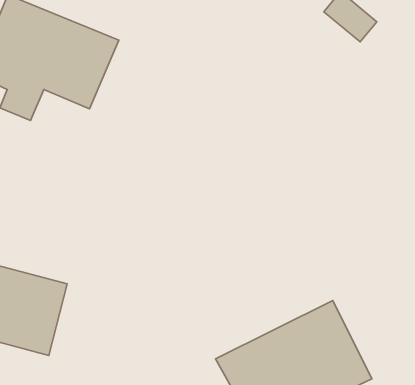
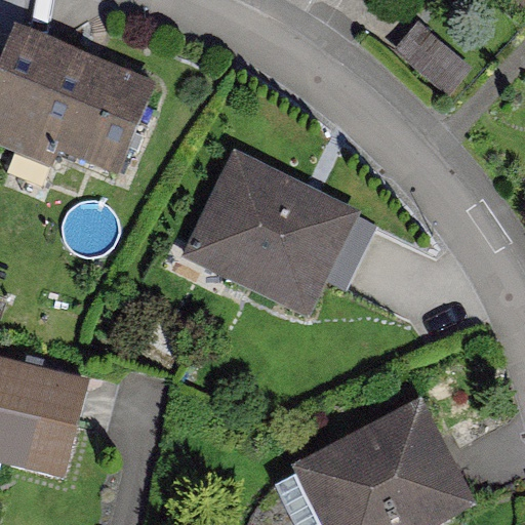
building: none -> [189,152,352,305]

